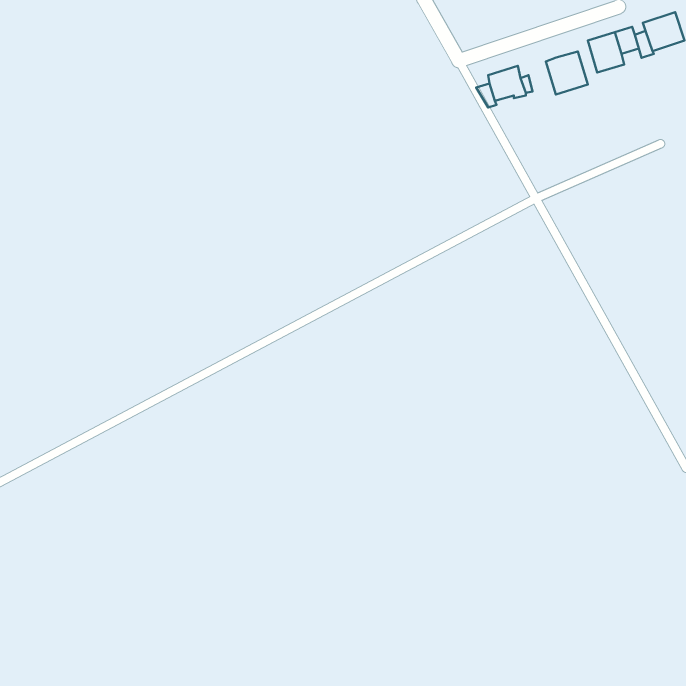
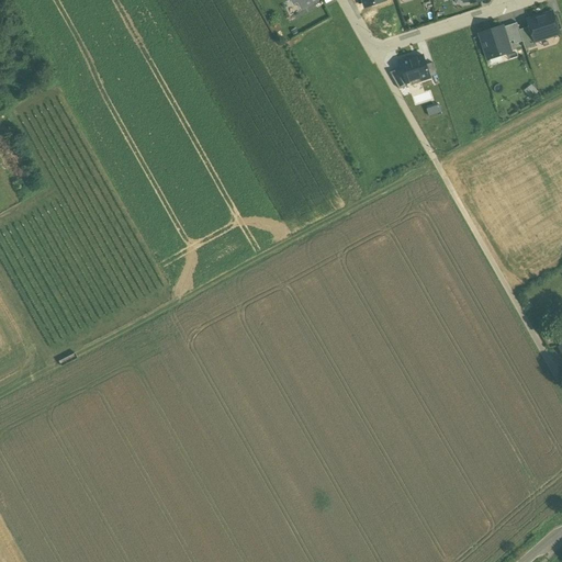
building: [546,51,588,95] -> none

